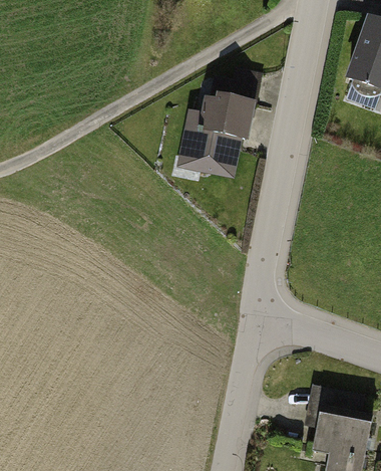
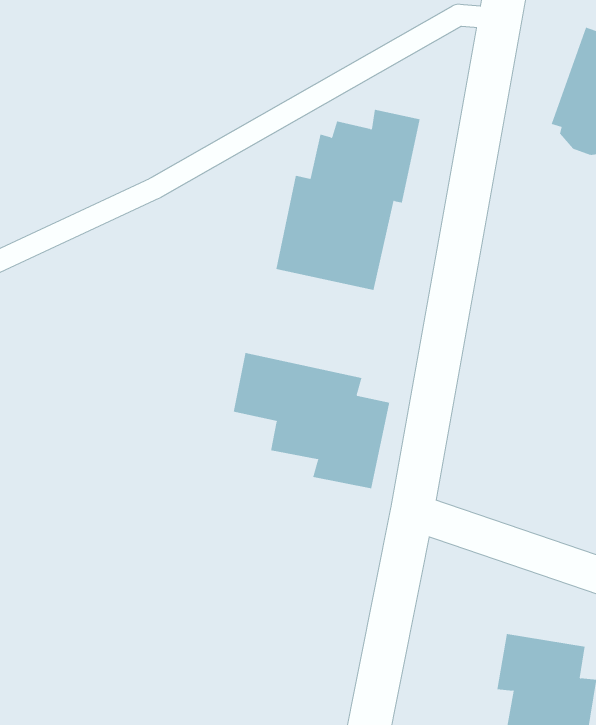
building: none -> [233,352,390,489]

